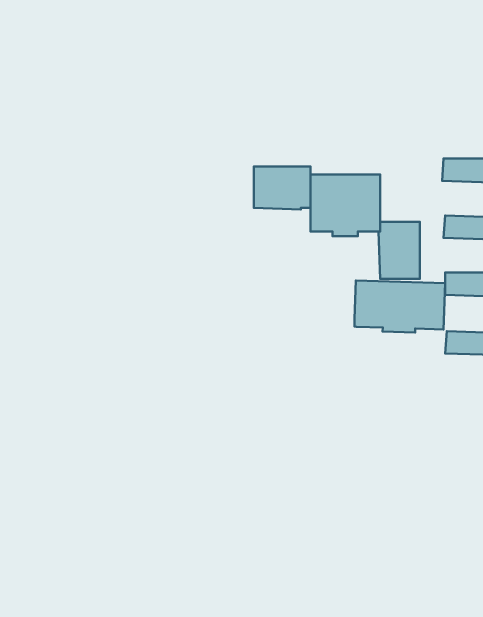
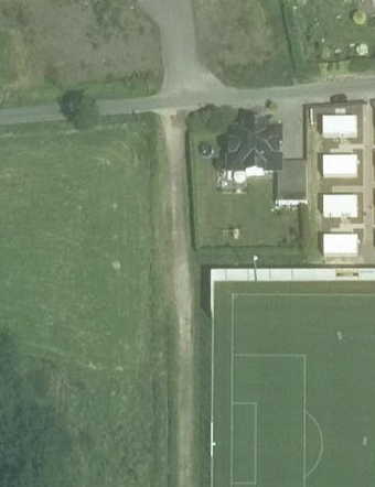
building: [254,167,310,210] -> none
building: [354,280,445,332] -> none

